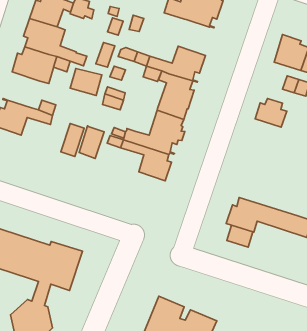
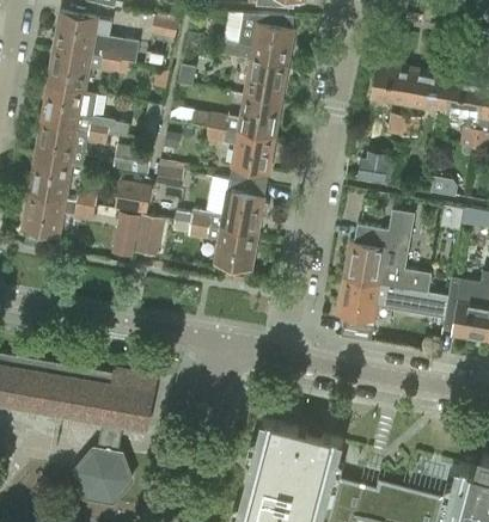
building: none -> [244,60,286,103]
building: none -> [30,158,72,201]
building: none -> [112,180,148,215]
building: none -> [343,210,430,293]

